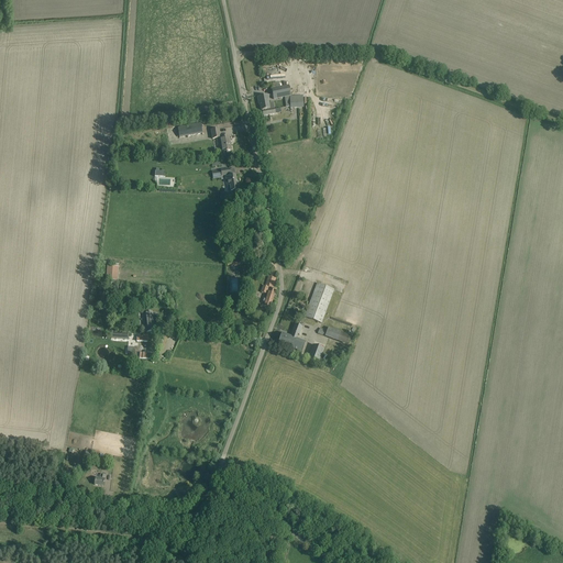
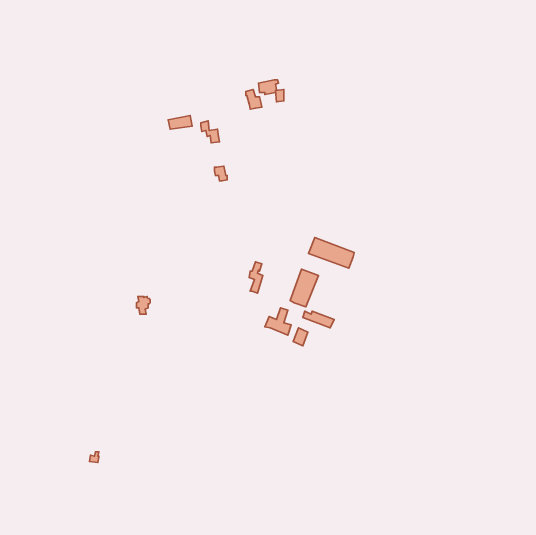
building: none -> [309,237,354,268]

